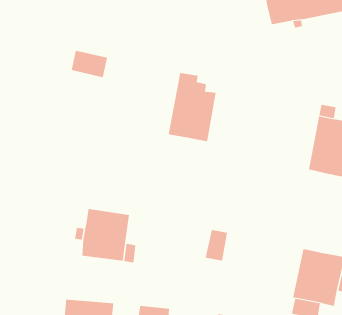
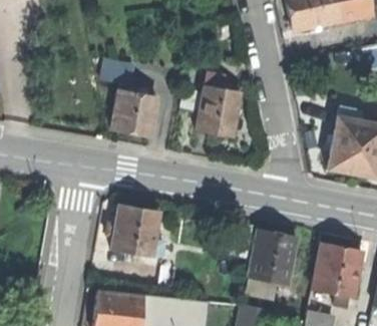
building: none -> [112,93,156,139]
building: none -> [249,231,297,286]

